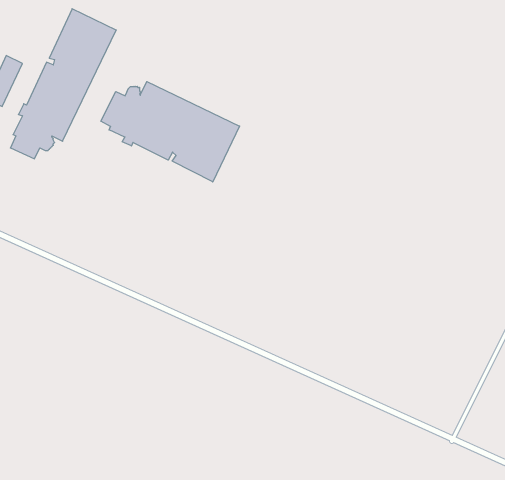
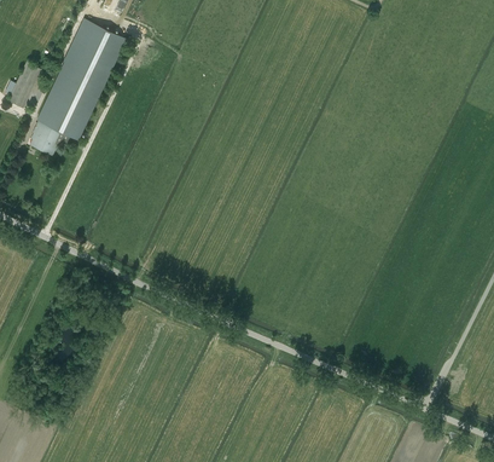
building: [101,82,240,182] -> none

